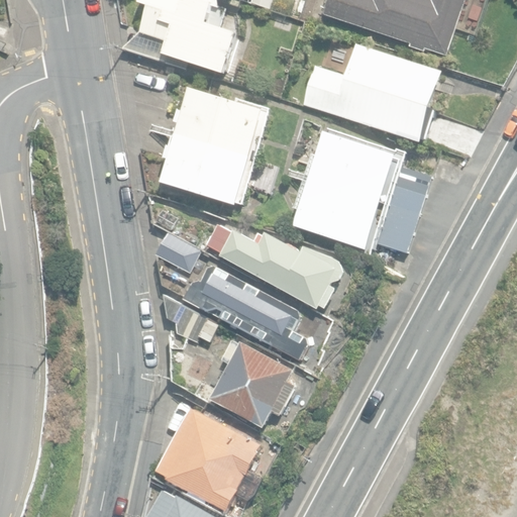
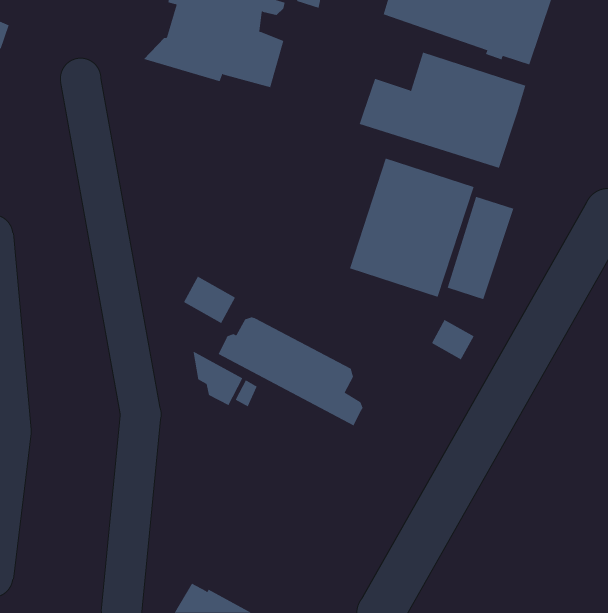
building: [161,88,265,205] -> none
building: [205,223,341,310] -> none
building: [208,338,293,426] -> none
building: [157,407,262,510] -> none

